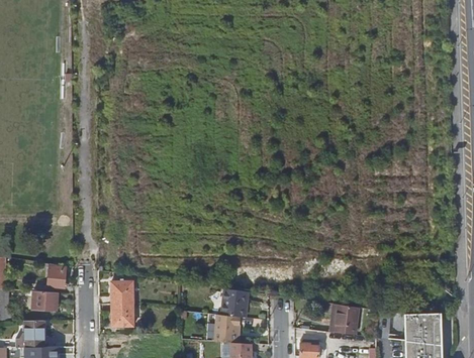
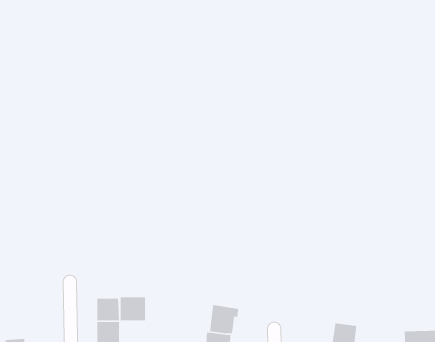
building: [49,264,67,288] -> none
building: none -> [120,296,146,321]
building: [32,291,59,312] -> none

